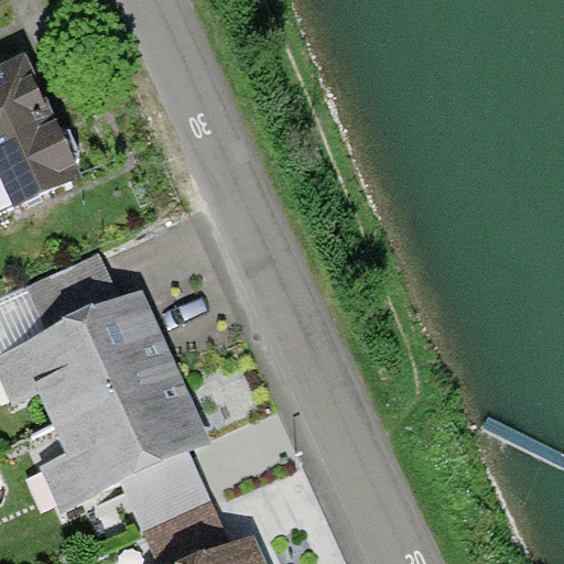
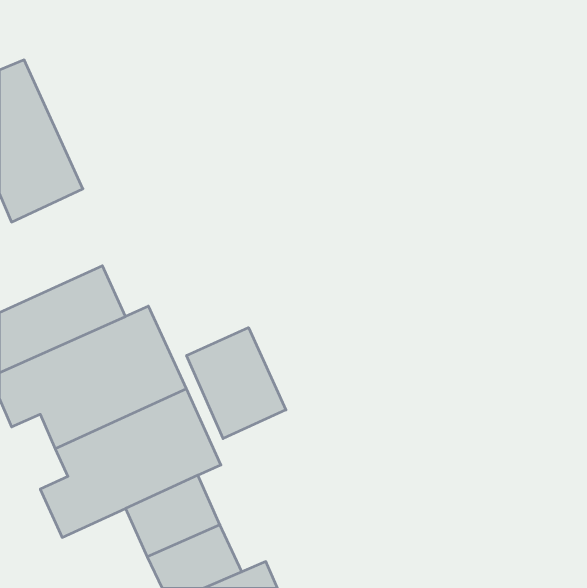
building: none -> [187,328,286,439]

